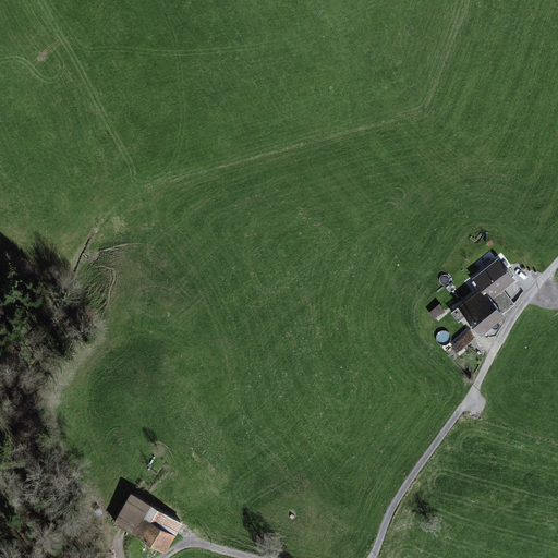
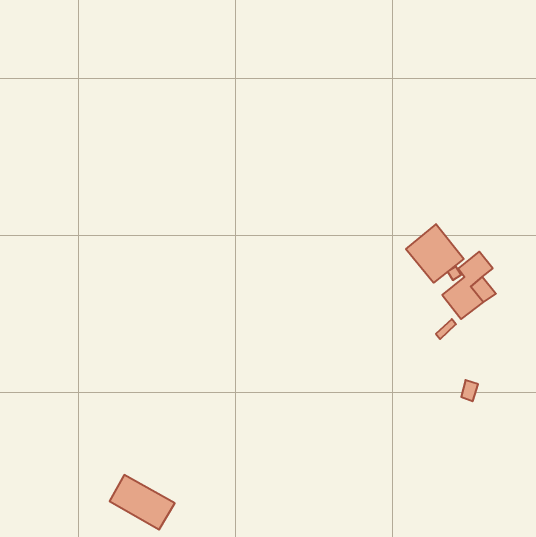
building: none -> [406,224,464,283]

